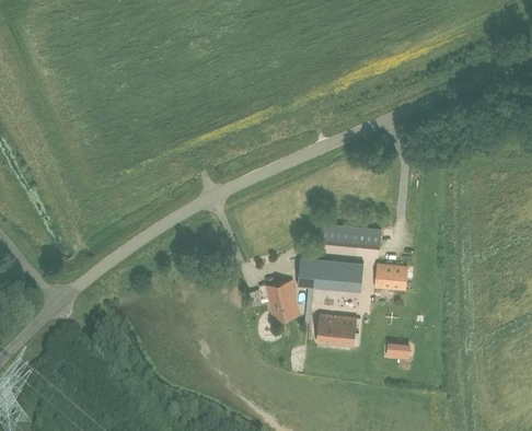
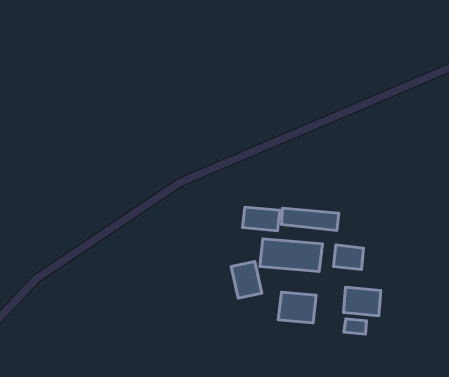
building: none -> [243,207,280,231]
building: none -> [343,287,381,316]

